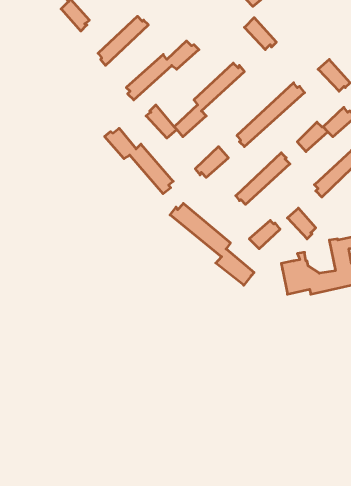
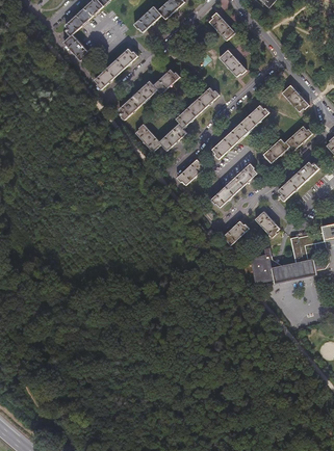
building: [105,128,173,194] -> none
building: [170,203,254,285] -> none

